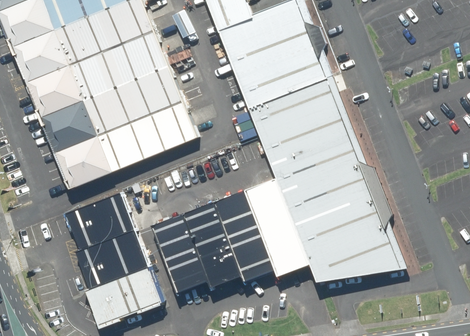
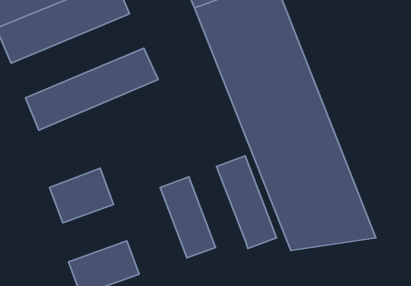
building: [26,32,165,120] -> none
building: [55,101,194,189] -> none
building: [212,192,272,283] -> none
building: [152,214,207,291] -> none
building: [75,232,147,291] -> none

